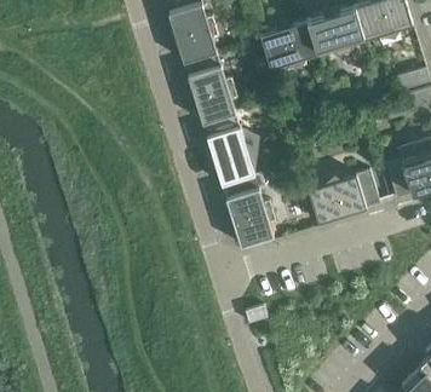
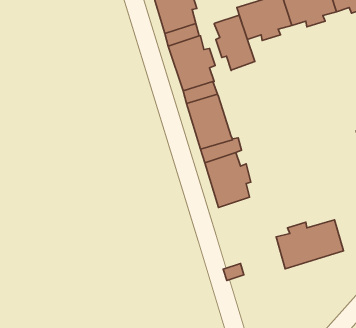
building: none -> [214,15,255,71]
building: [309,171,380,223] -> [276,220,344,269]

